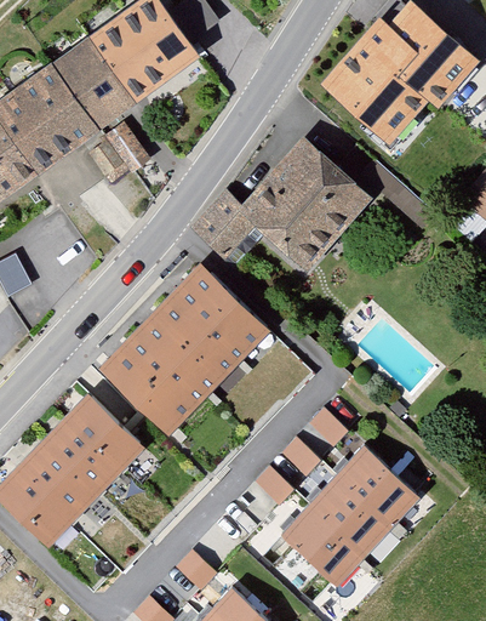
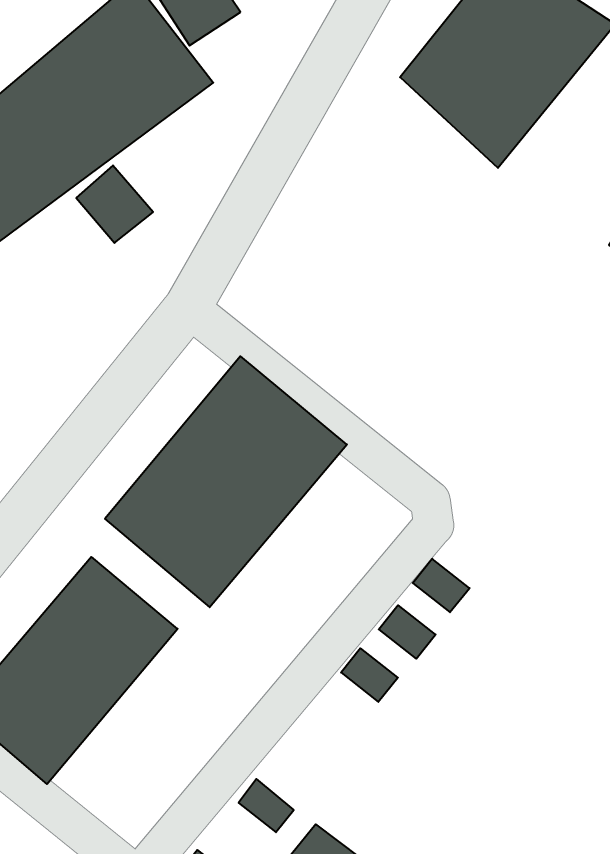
building: [190,142,368,272] -> none
building: [280,444,421,587] -> none

